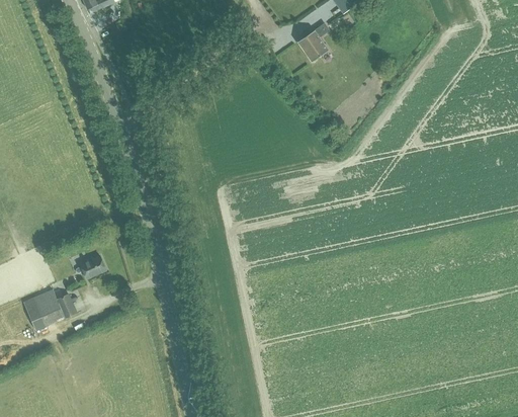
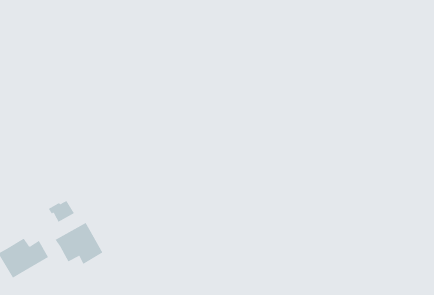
building: none -> [55,222,103,265]

